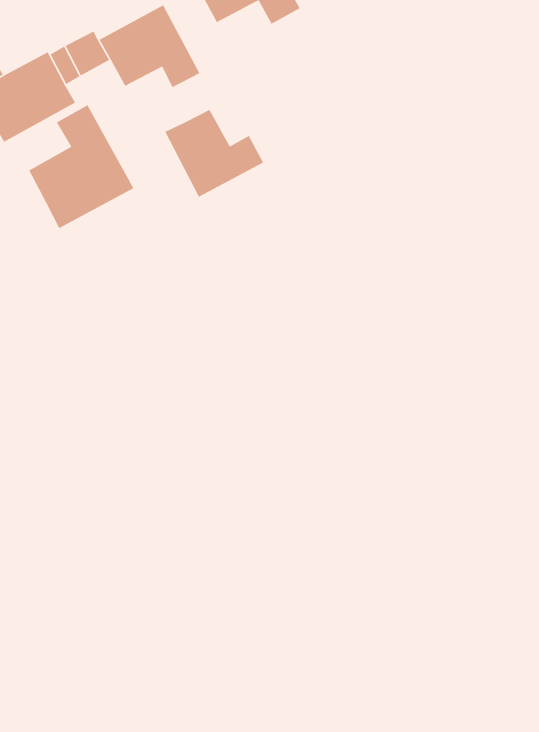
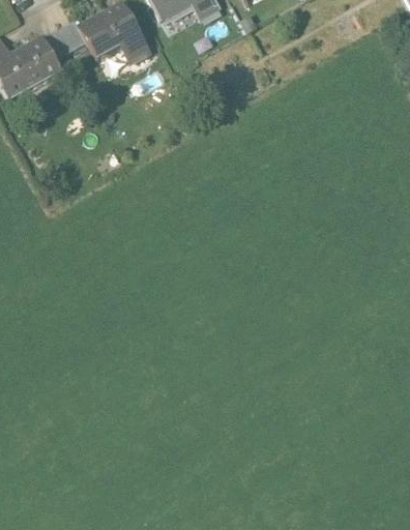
building: [28,104,134,229] -> none
building: [164,109,264,198] -> none

